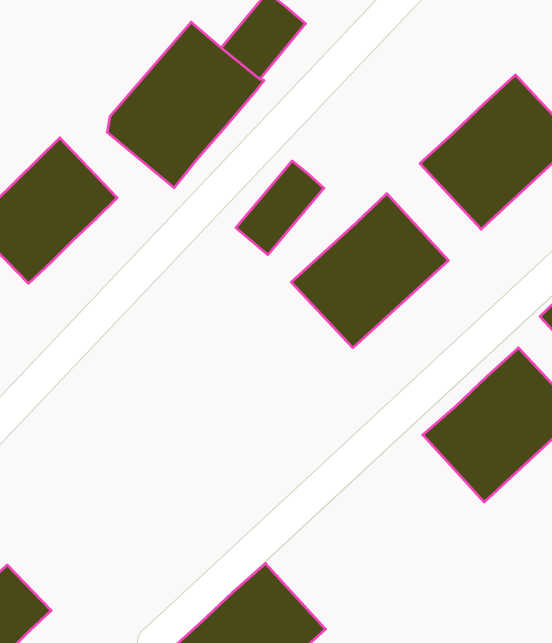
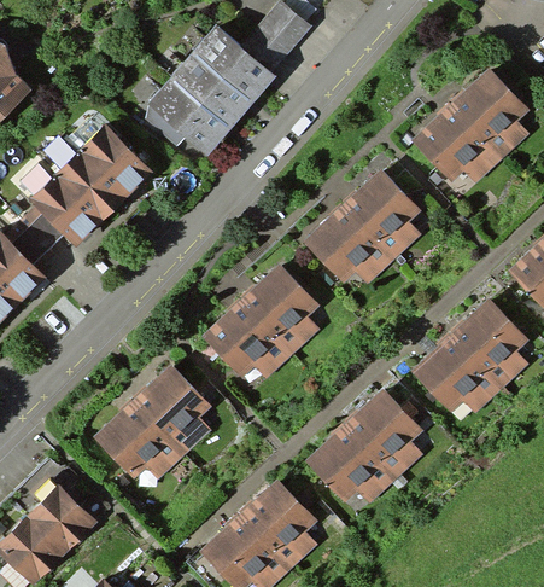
building: [236,161,324,255] -> none
building: none -> [200,263,333,394]
building: none -> [92,360,224,490]
building: none -> [305,387,437,517]

